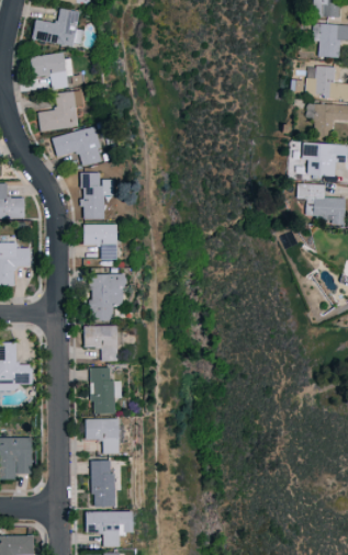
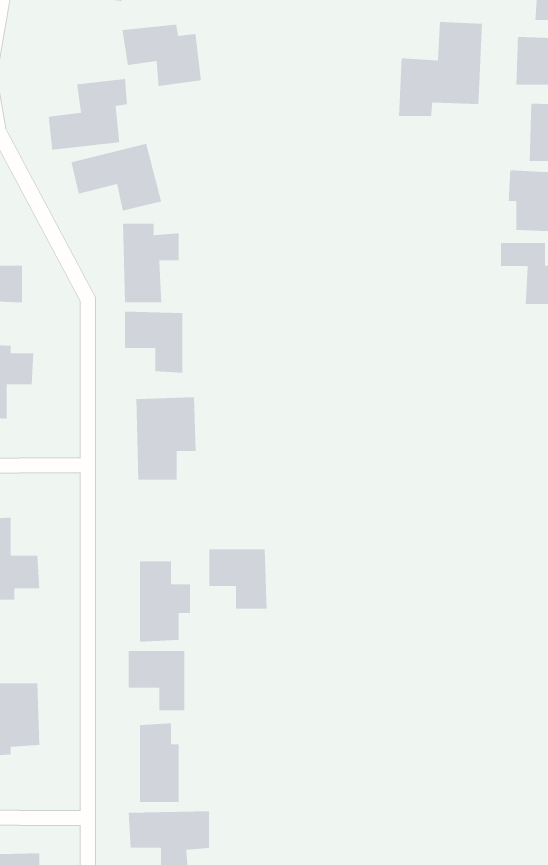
building: [31,53,77,89] -> [122,24,202,87]
building: none -> [398,21,483,117]
building: [83,326,117,361] -> [208,549,268,610]

